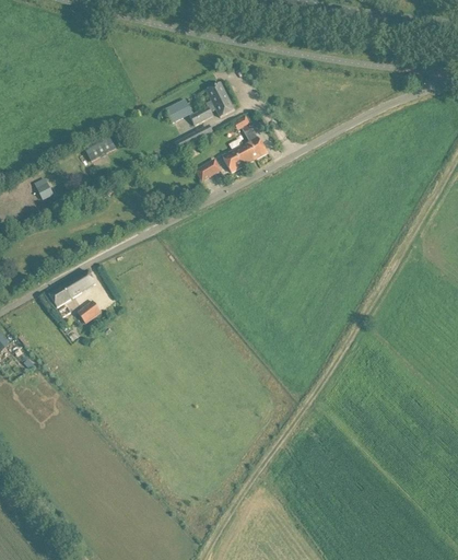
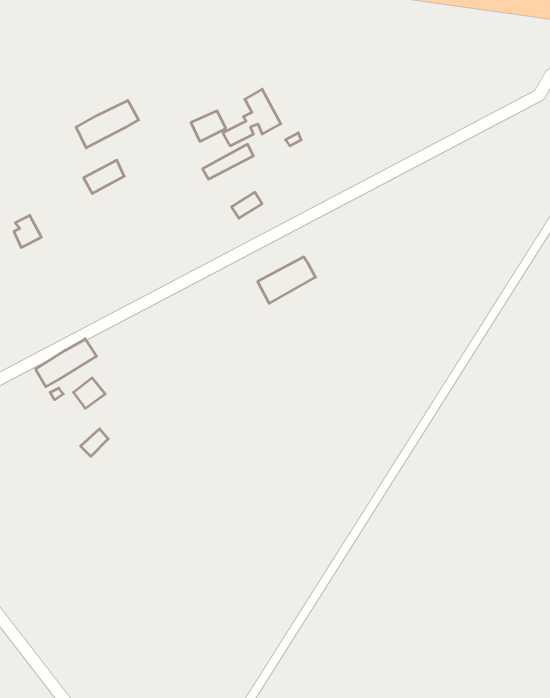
building: none -> [76,100,139,148]
building: [223,137,267,172] -> [258,257,316,303]

